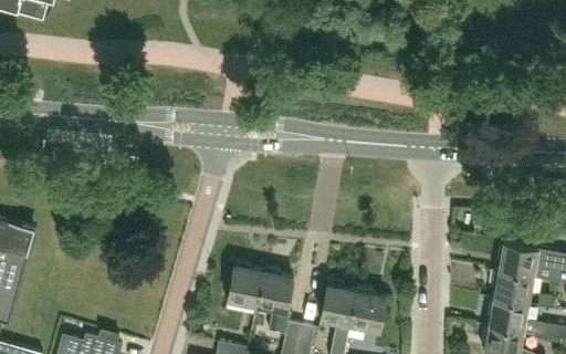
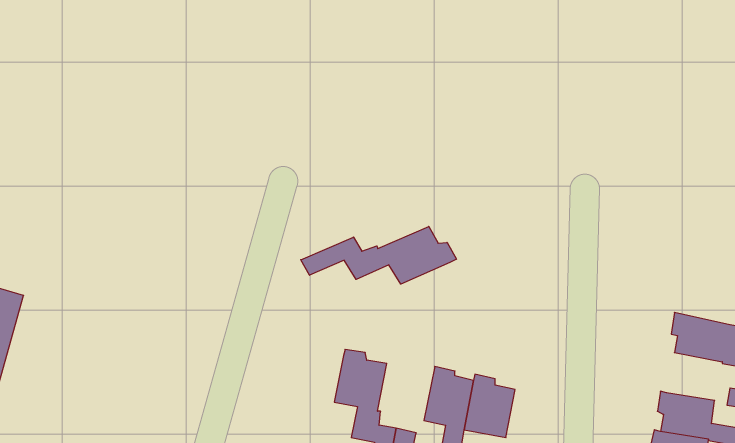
building: none -> [301,226,456,284]
building: [227,263,263,306] -> none
building: [492,271,534,305] -> none

